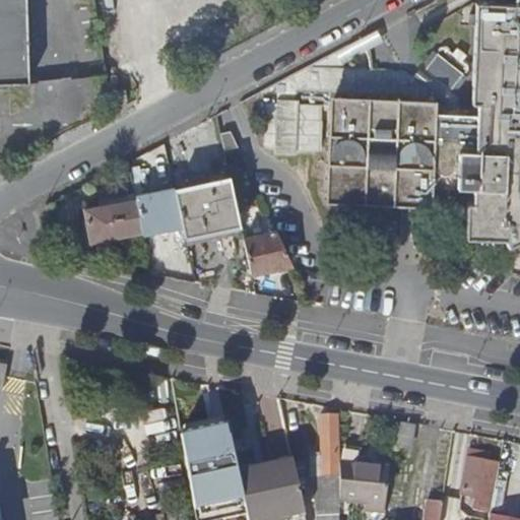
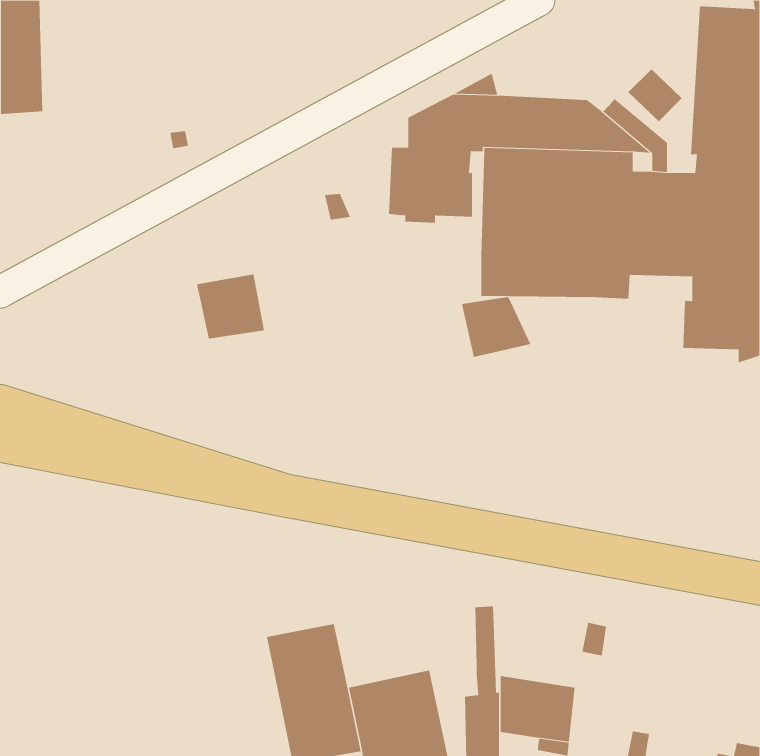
building: [176,177,242,237] -> none
building: [85,195,142,244] -> none
building: [246,234,294,275] -> [461,297,531,358]
building: [466,452,498,512] -> none

